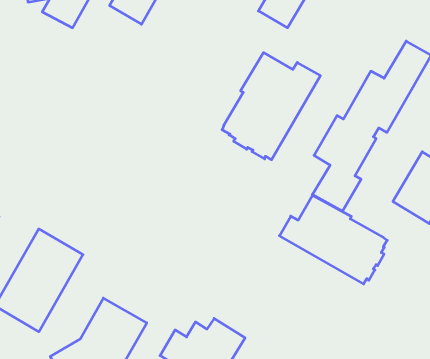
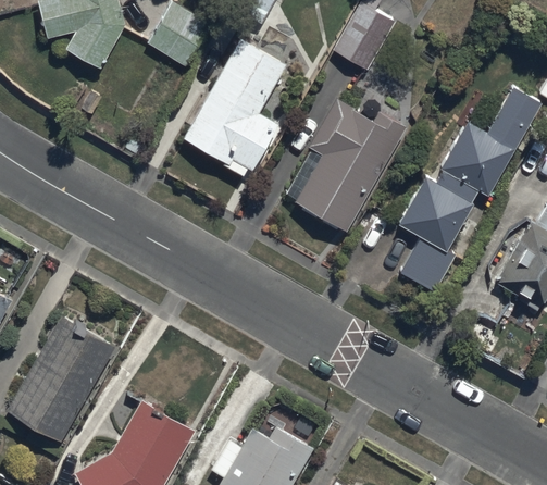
building: none -> [183,40,286,177]
building: [279,195,387,284] -> none

